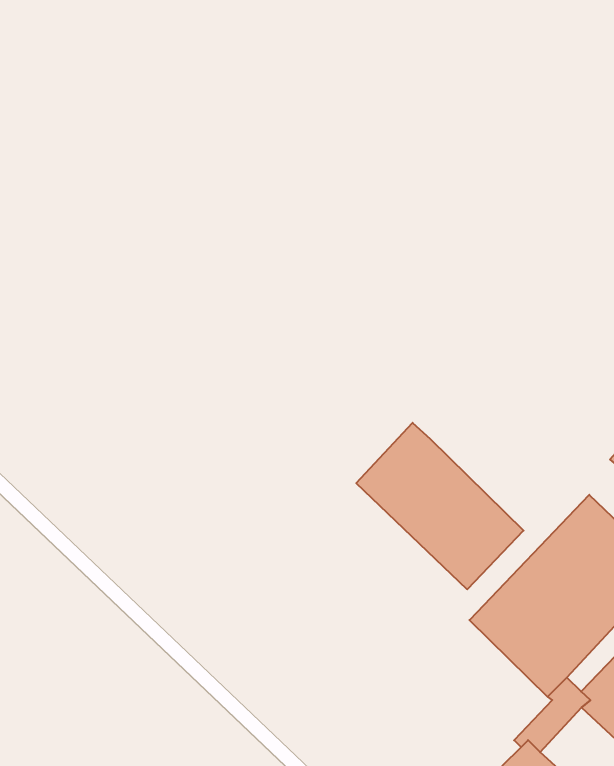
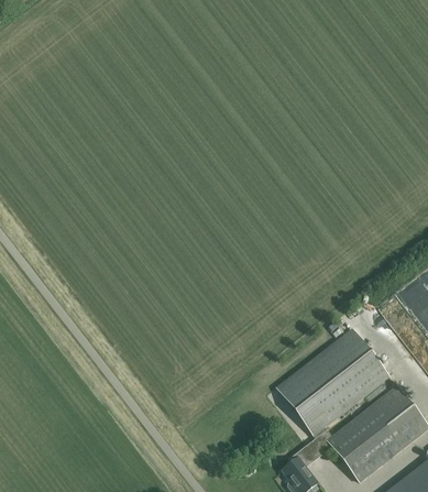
building: [356,423,524,589] -> none

